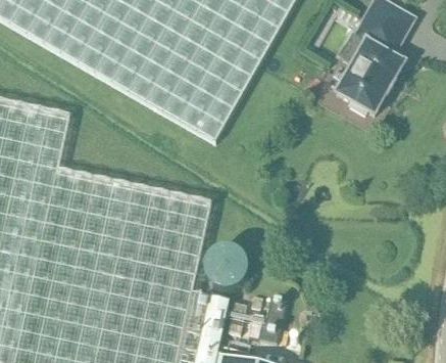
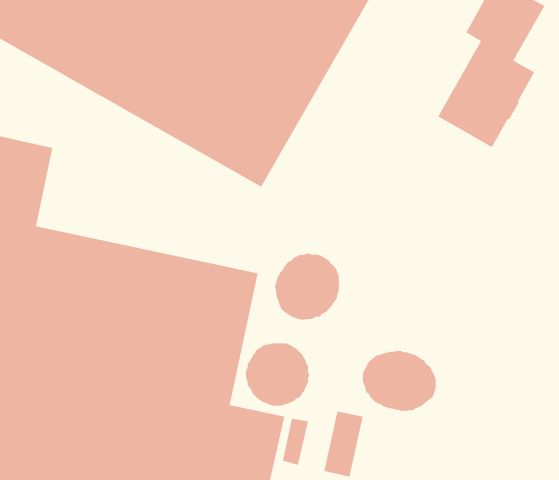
building: none -> [274,253,340,320]
building: none -> [362,350,436,412]

